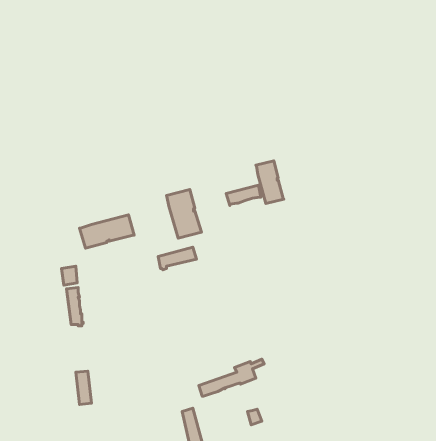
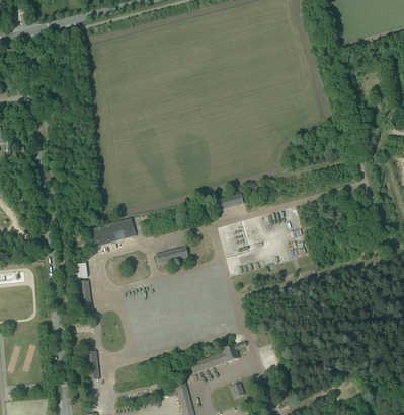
building: [256,161,284,203] -> none
building: [166,190,202,238] -> none

